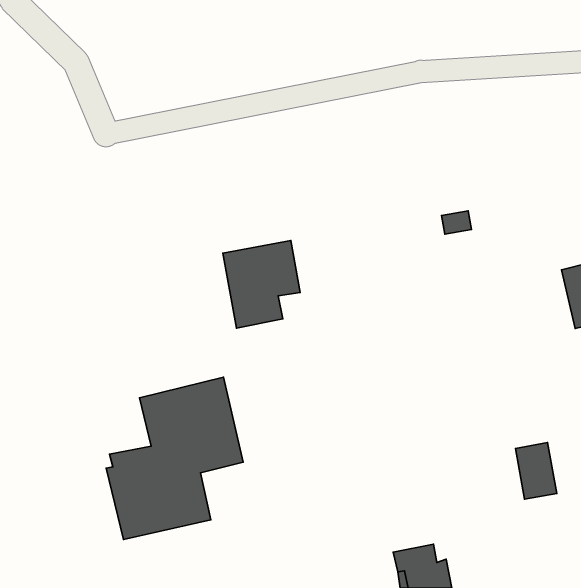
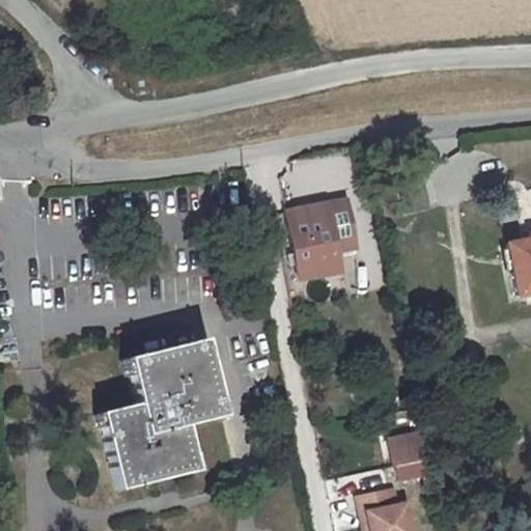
building: [223,241,300,328] -> [290,199,360,278]
building: [515,443,557,499] -> [390,429,427,480]

